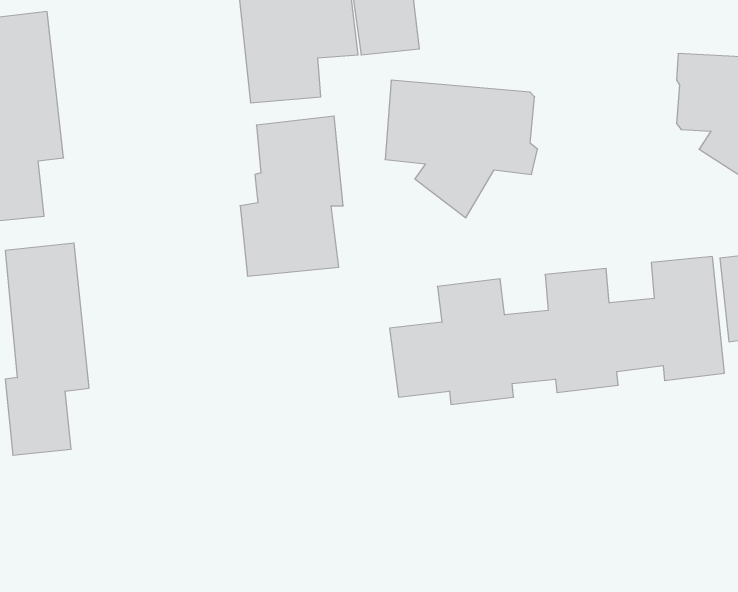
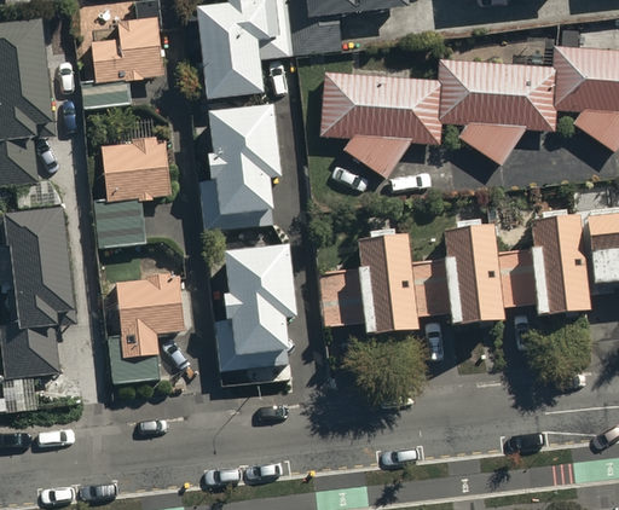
building: none -> [81,17,163,109]
building: none -> [432,62,554,170]
building: none -> [94,137,170,248]
building: none -> [212,238,296,373]
building: none -> [108,272,185,387]

